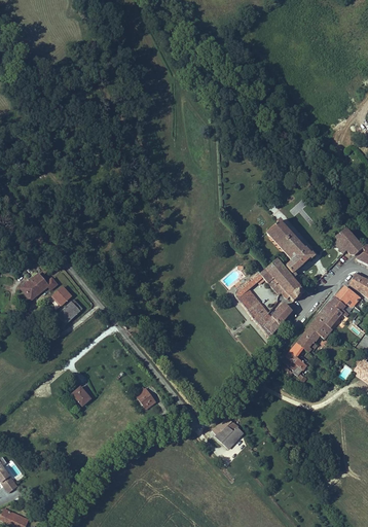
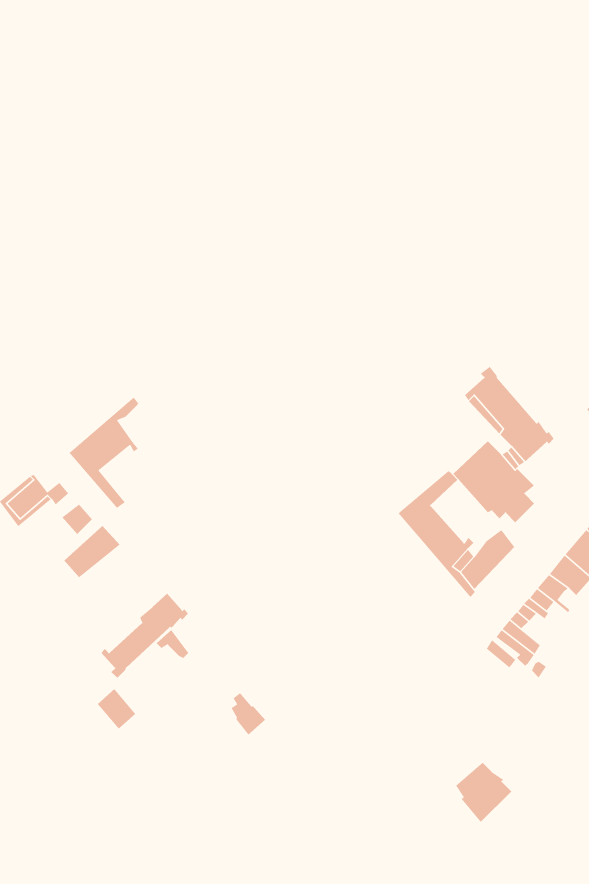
building: none -> [68,397,140,509]
building: none -> [100,593,189,679]
building: [215,416,245,448] -> [455,762,512,823]

